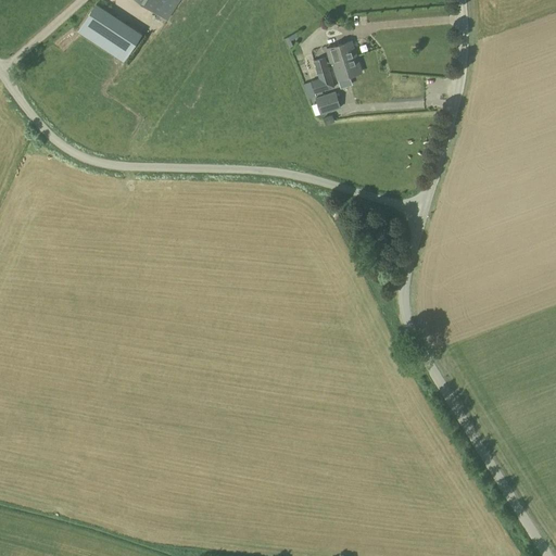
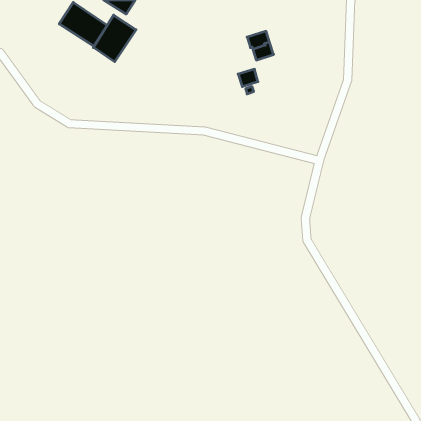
building: none -> [93,15,136,62]
building: [311,58,334,96] -> none

